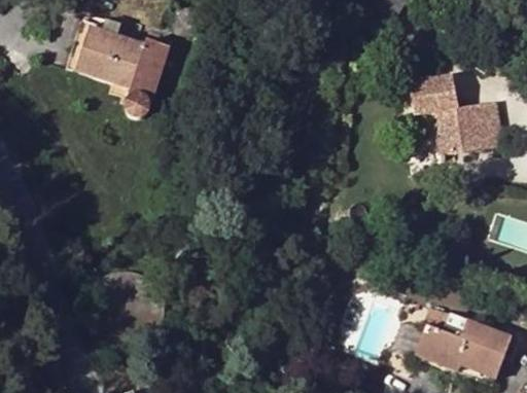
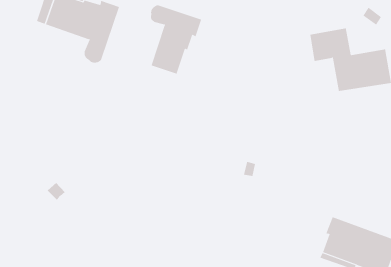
building: none -> [150,4,202,74]

